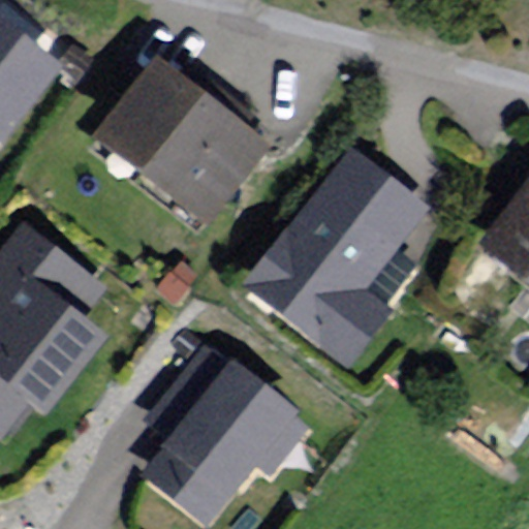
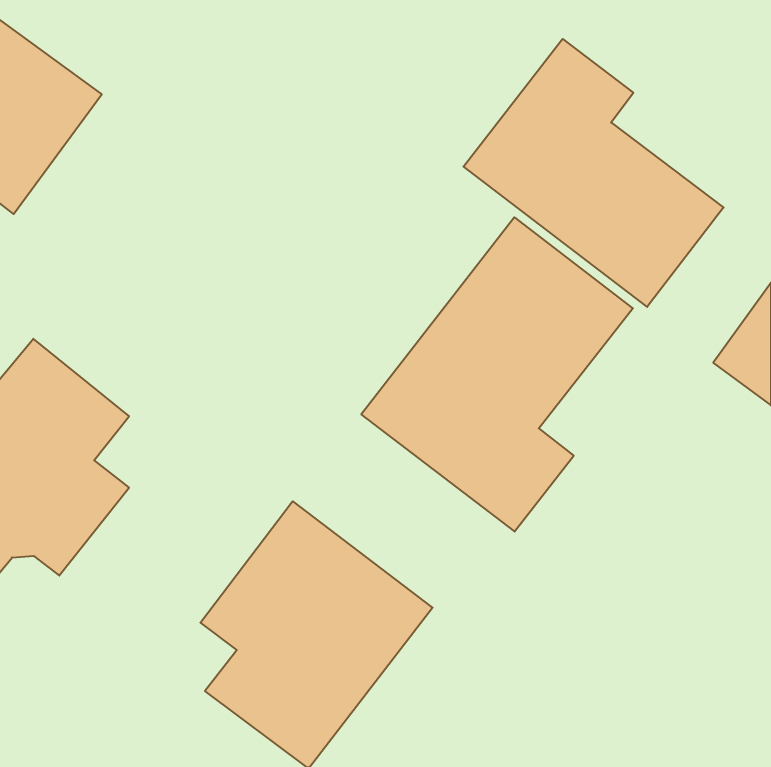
building: none -> [463,39,724,307]
building: [99,57,279,229] -> none

